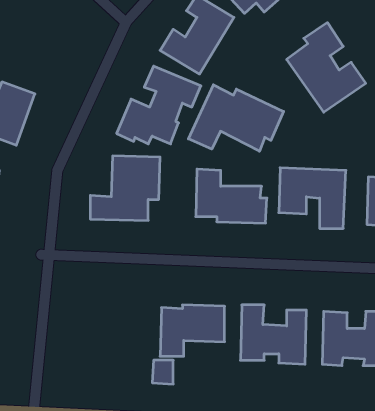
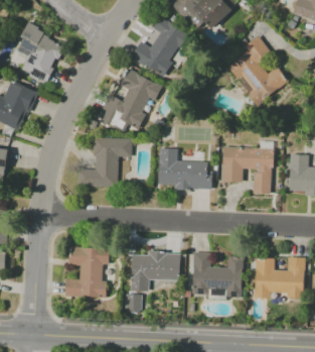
building: none -> [16,26,64,84]
building: [188,85,284,151] -> none
building: none -> [64,248,109,298]

